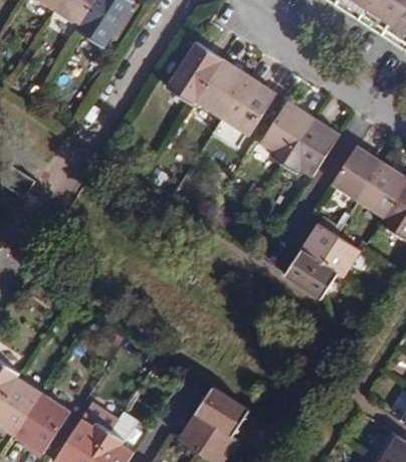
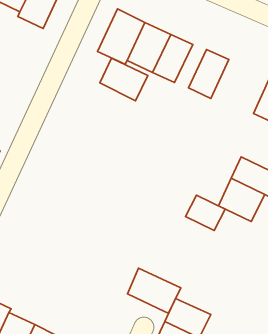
building: none -> [100,58,148,101]
building: [286,117,341,177] -> none
building: none -> [185,195,225,231]
building: none -> [127,268,181,313]

